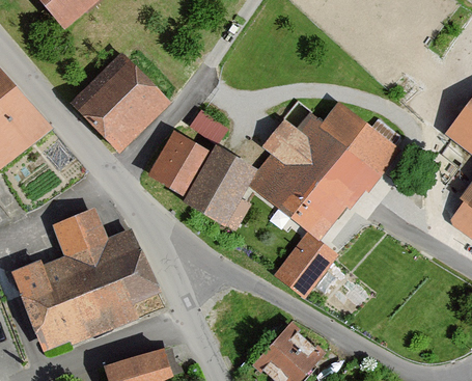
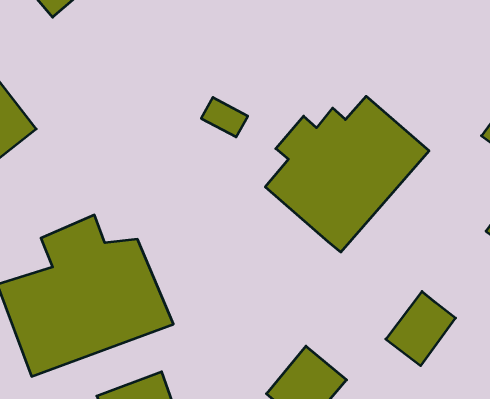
building: [70,53,171,154] -> none
building: [144,131,255,225] -> none
building: [275,230,337,297] -> [386,291,456,366]

